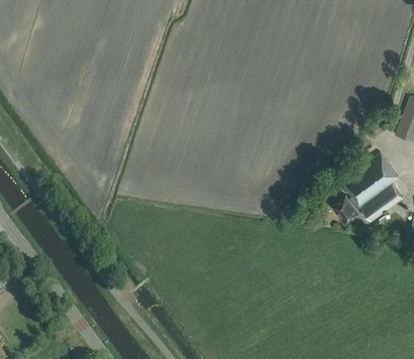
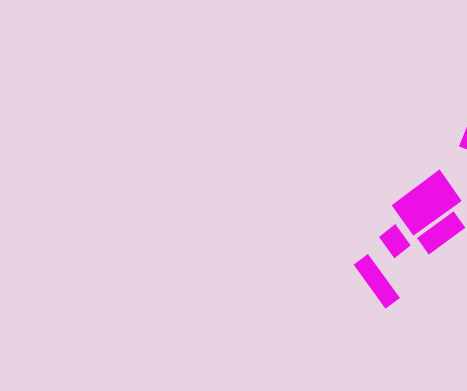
building: none -> [352,253,401,310]

